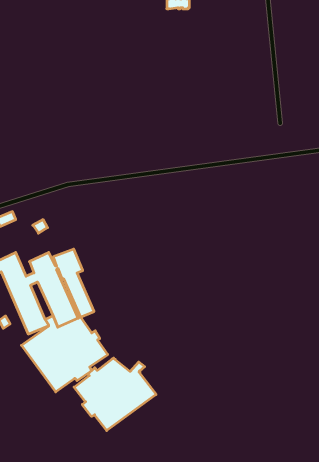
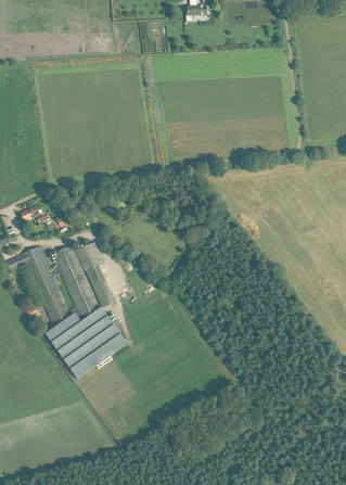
building: [74,358,156,431] -> none

